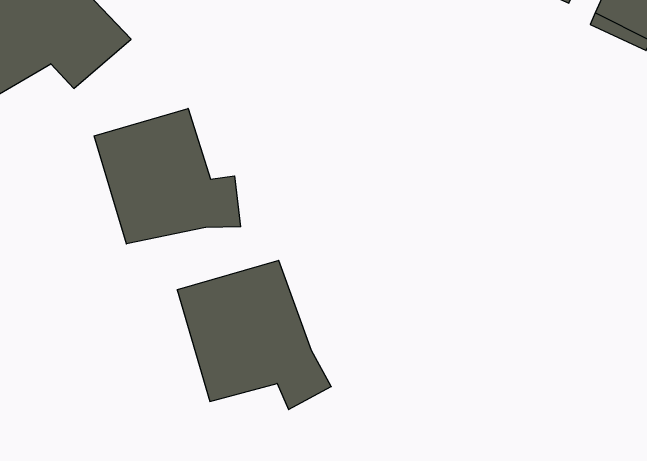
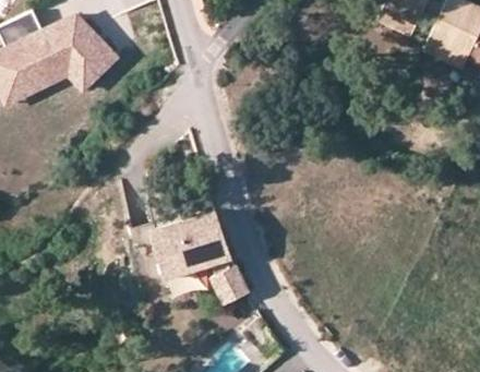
building: [94,108,241,244] -> none

